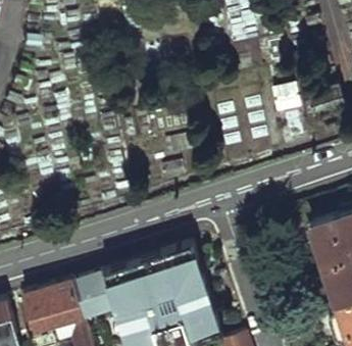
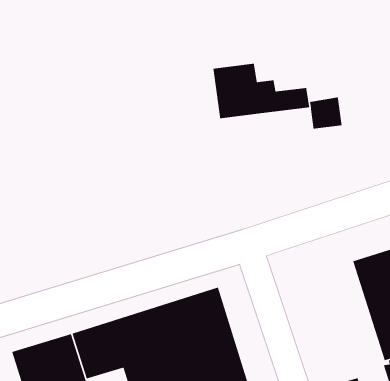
building: none -> [212,63,310,119]

